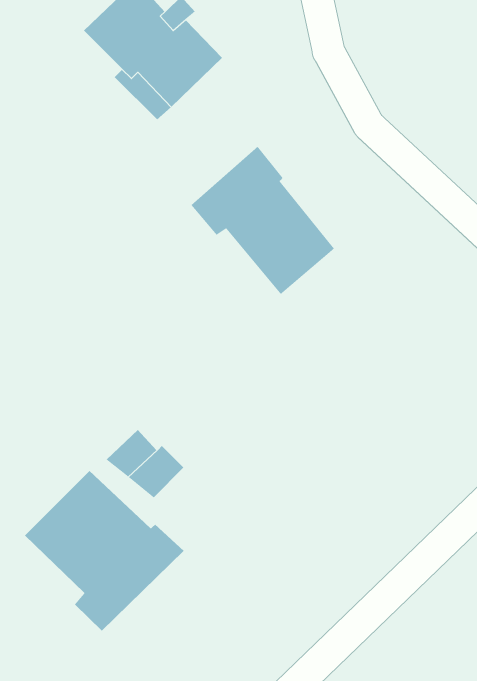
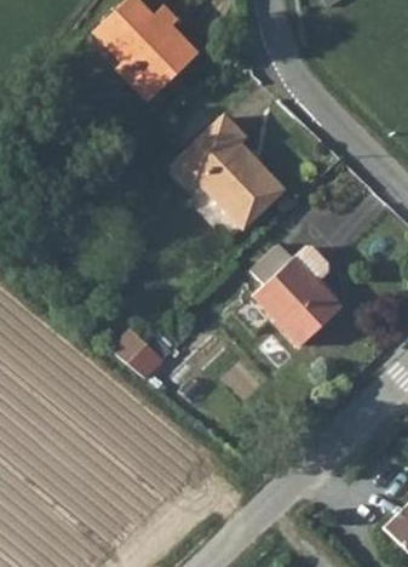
building: none -> [251,251,340,349]
building: [24,470,185,632] -> none

